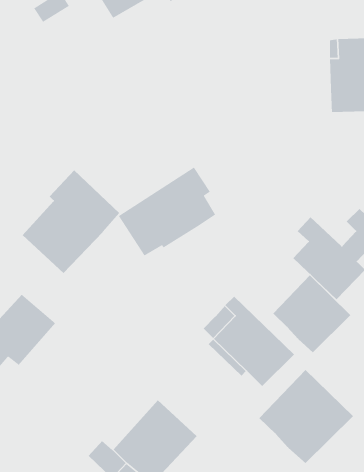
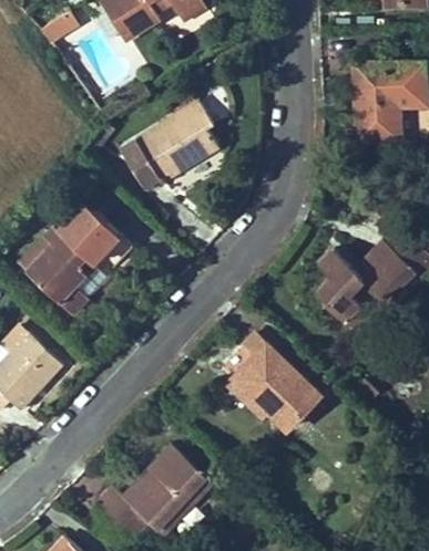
building: [118,167,216,257] -> [120,97,224,193]
building: [272,275,351,353] -> none
building: [259,369,354,464] -> none

